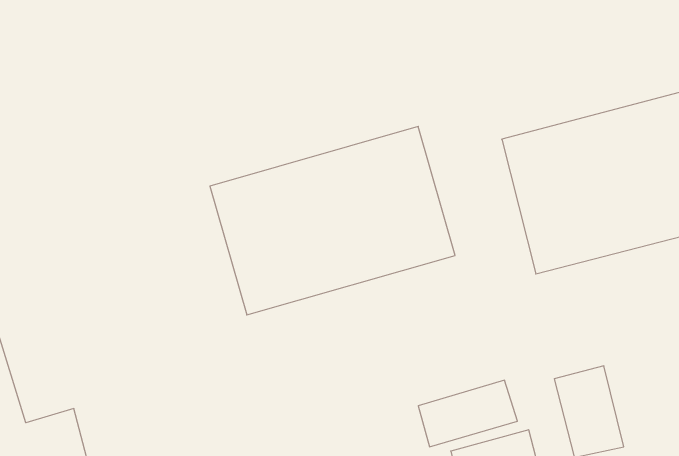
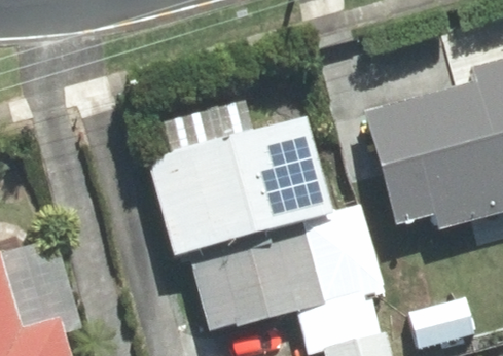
building: none -> [200,216,374,328]

